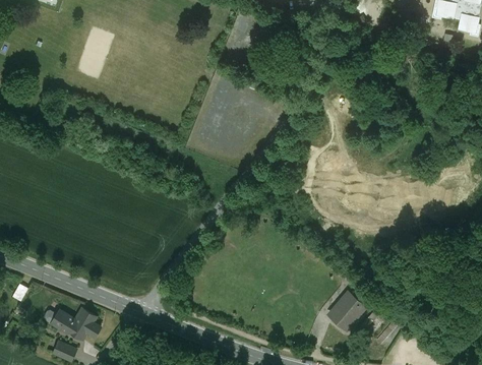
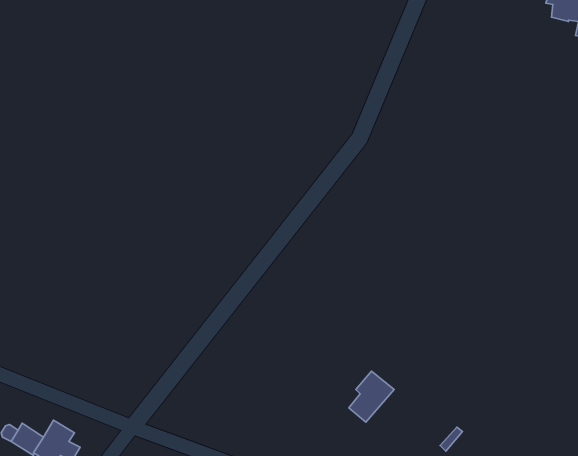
building: [332,292,364,328] -> [349,371,394,422]

